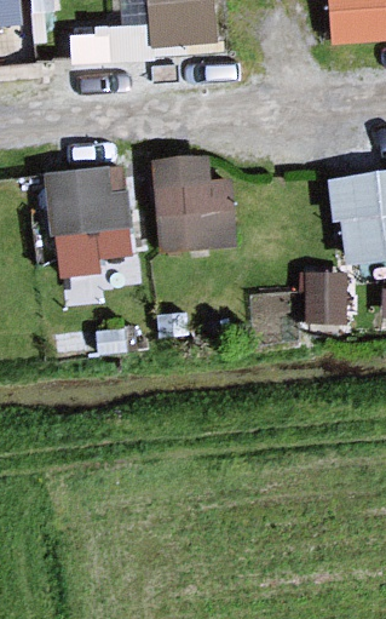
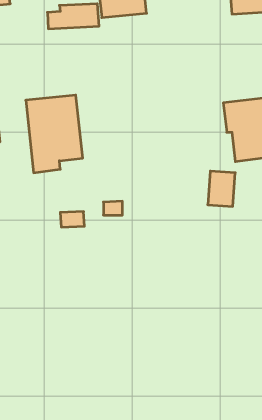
building: [150,150,231,245] -> none

